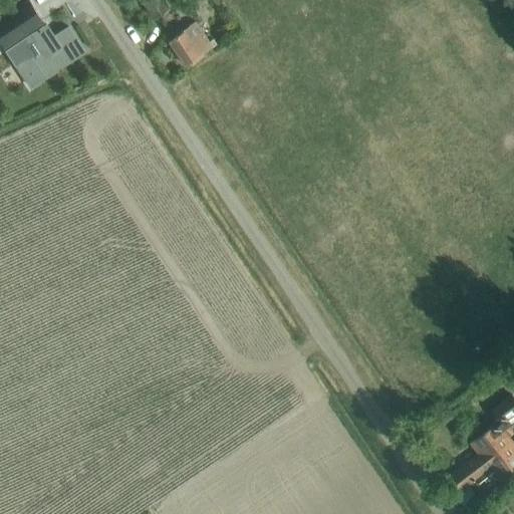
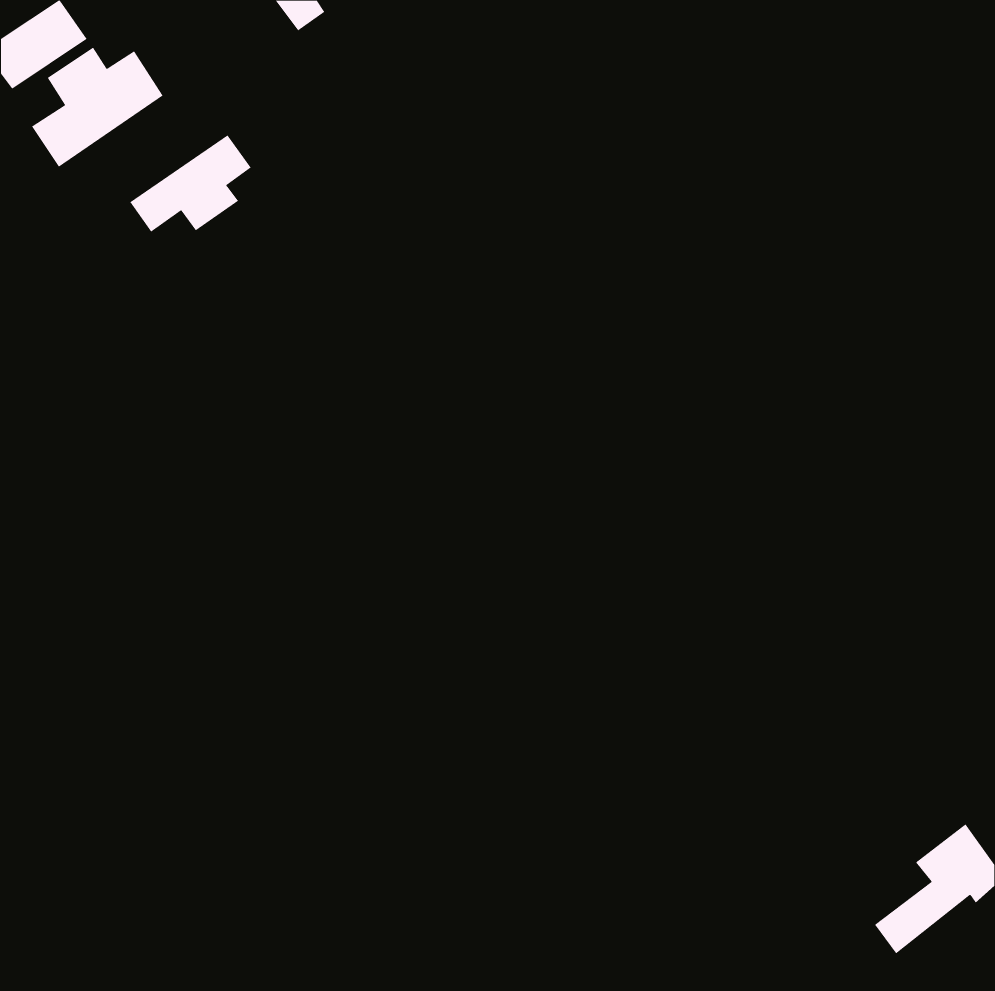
building: [171,22,217,66] -> none
building: none -> [129,135,252,233]

